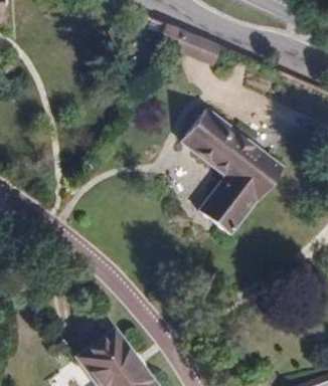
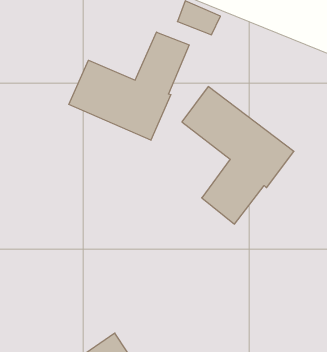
building: none -> [69,32,189,140]

